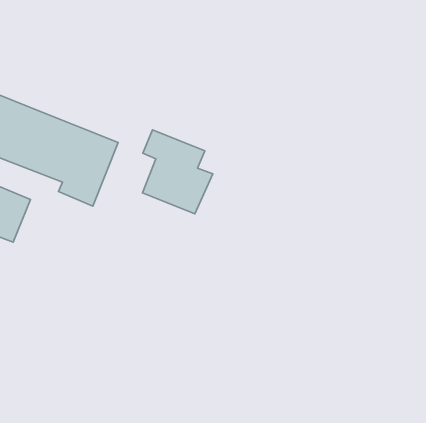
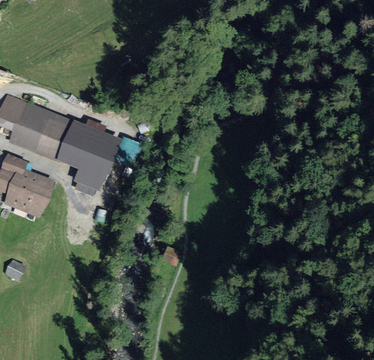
building: [143,130,213,214] -> none

